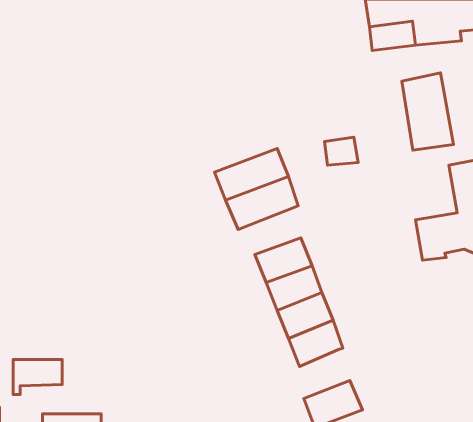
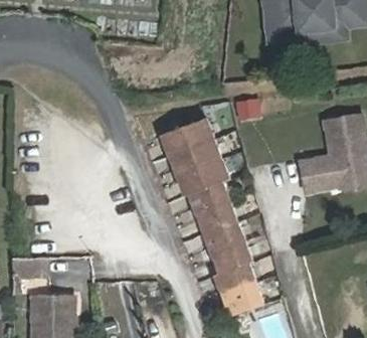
building: [402,73,454,150] -> none
building: none -> [173,150,224,187]
building: none -> [212,254,253,289]

